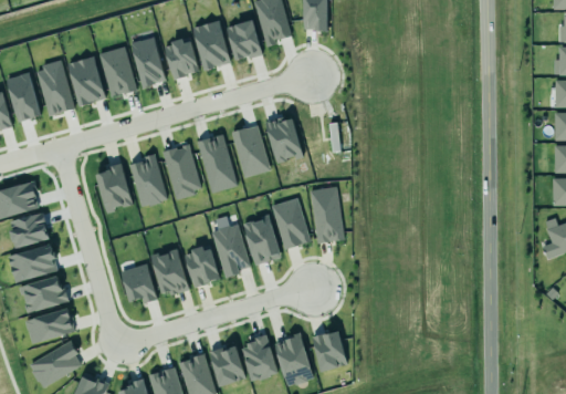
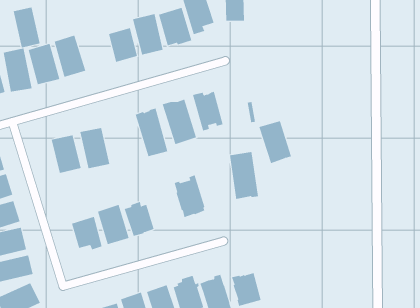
building: [132,37,165,86] -> [13,7,41,48]
building: [160,143,200,198] -> none
building: [270,197,310,249] -> [258,120,292,164]
building: [210,215,250,278] -> none

